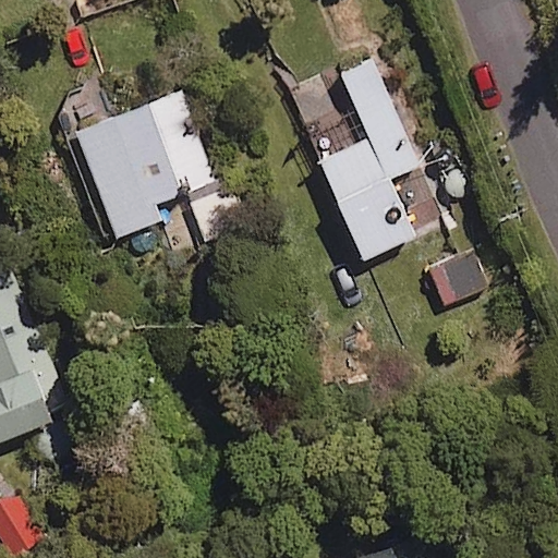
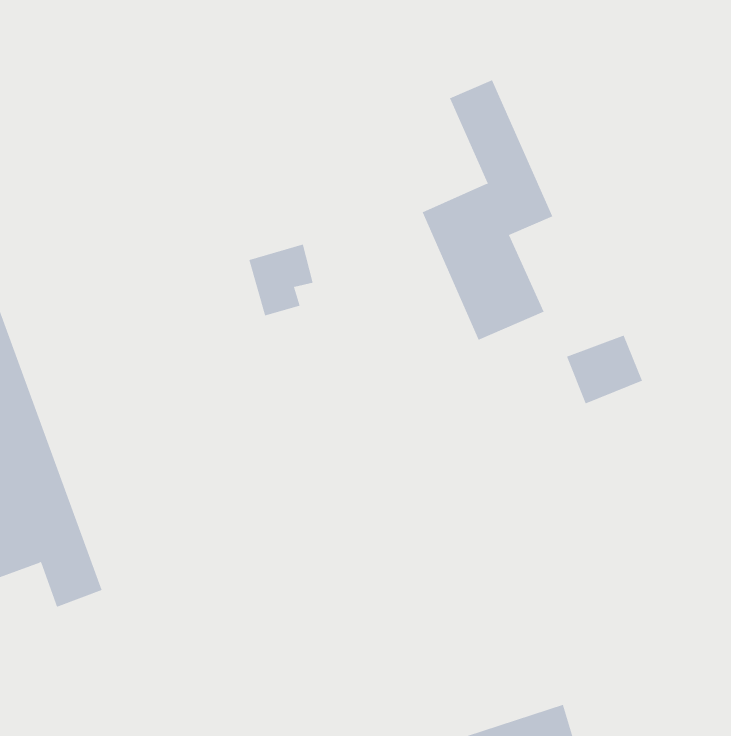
building: [75,94,211,235] -> none

